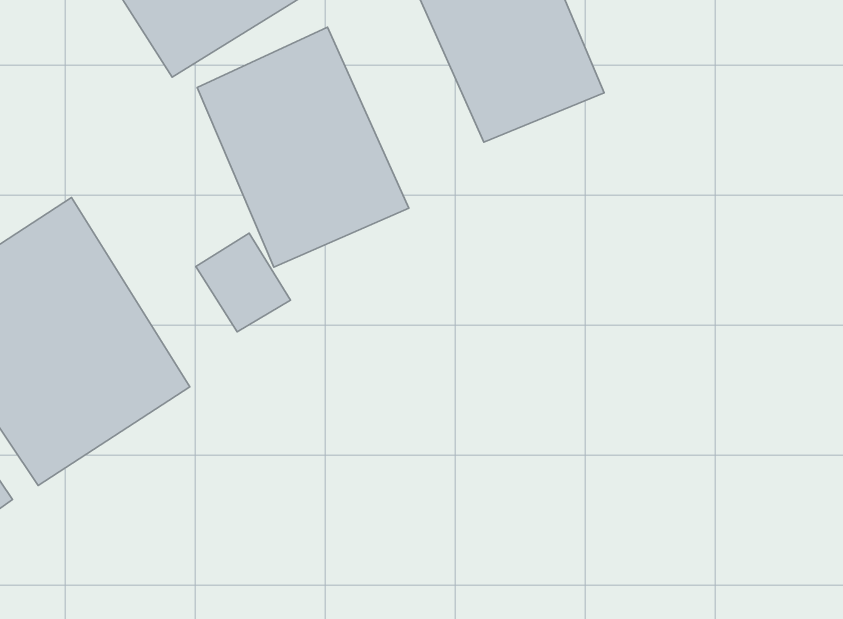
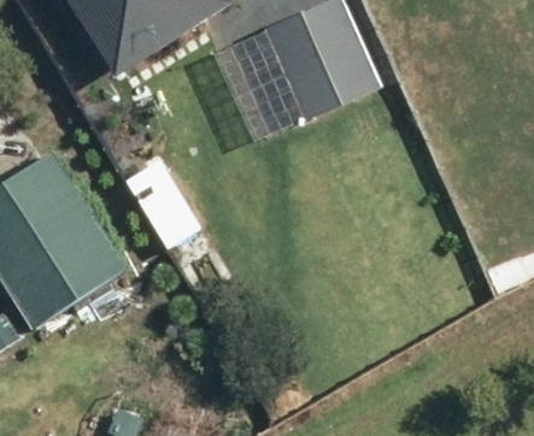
building: [197,27,409,267] -> none

